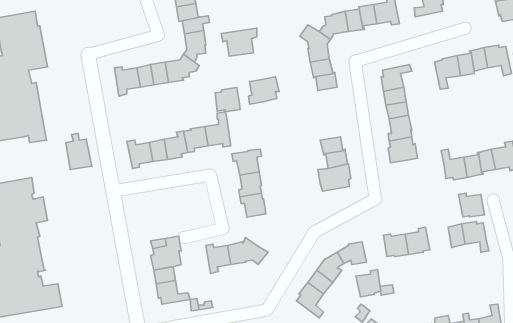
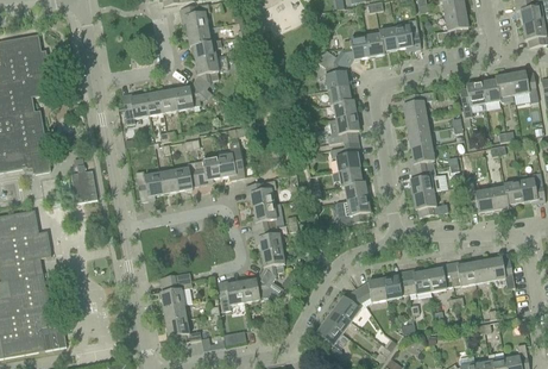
building: [221,28,257,56] -> none
building: [249,77,279,104] -> [327,114,359,143]
building: [215,87,240,112] -> none
building: none -> [329,144,359,170]
building: none -> [411,190,448,215]
building: [458,193,484,217] -> [448,261,475,286]
building: none -> [259,248,284,281]
building: [356,270,381,297] -> [382,270,408,299]

